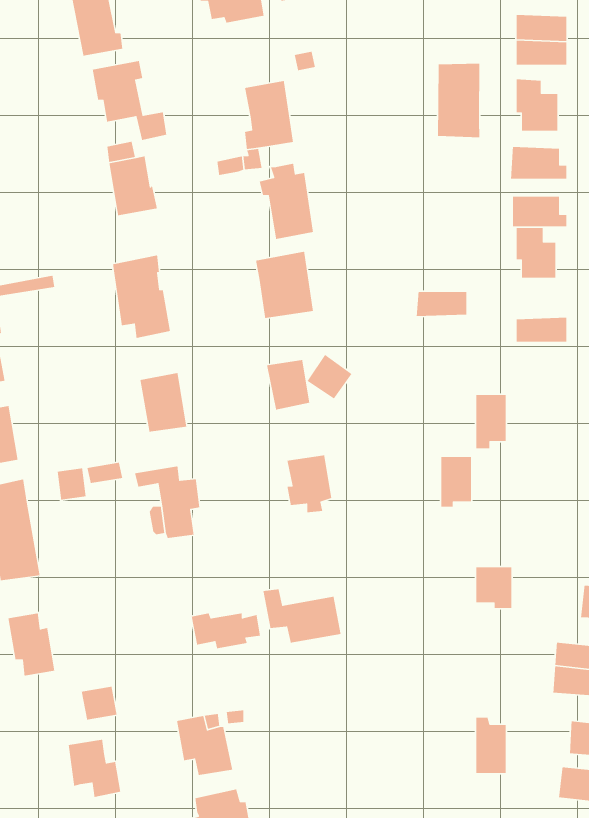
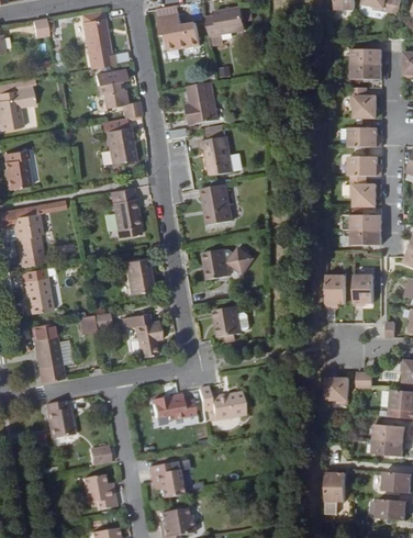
building: [437,63,480,138] -> none
building: [416,291,467,317] -> [350,212,381,227]
building: [441,456,472,508] -> [354,272,372,303]

